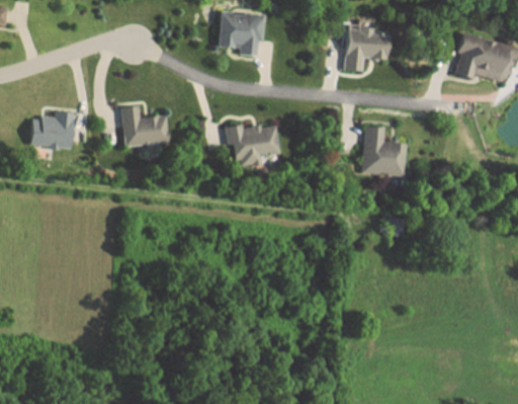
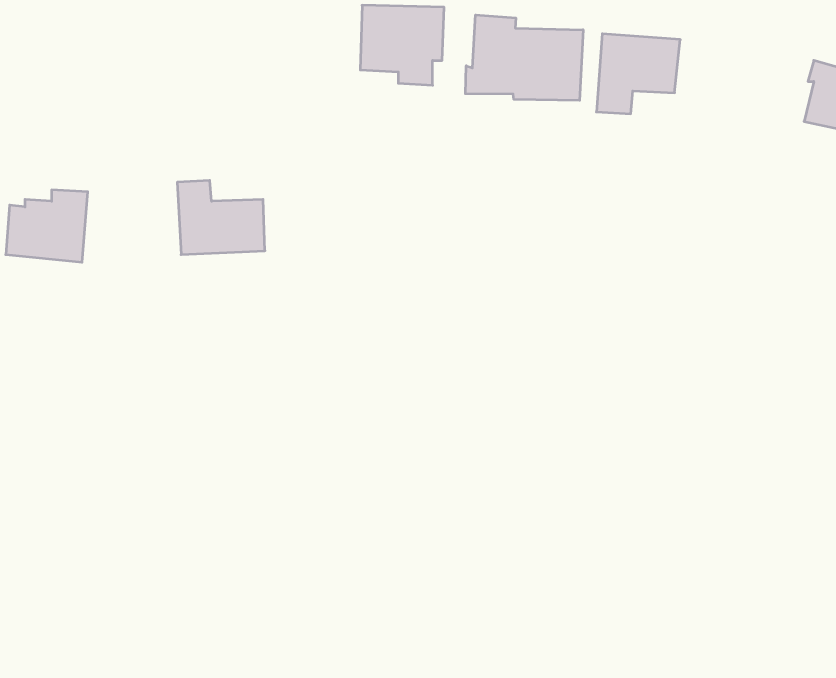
building: none -> [465,15,583,100]
building: [226,123,279,165] -> none
building: [361,125,407,178] -> none

